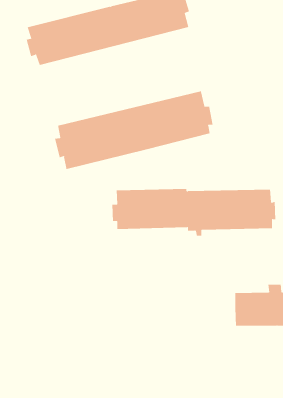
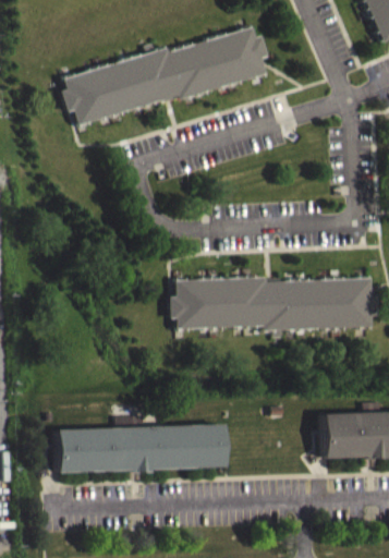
building: [55,90,213,170] -> none
building: none -> [58,420,228,470]

